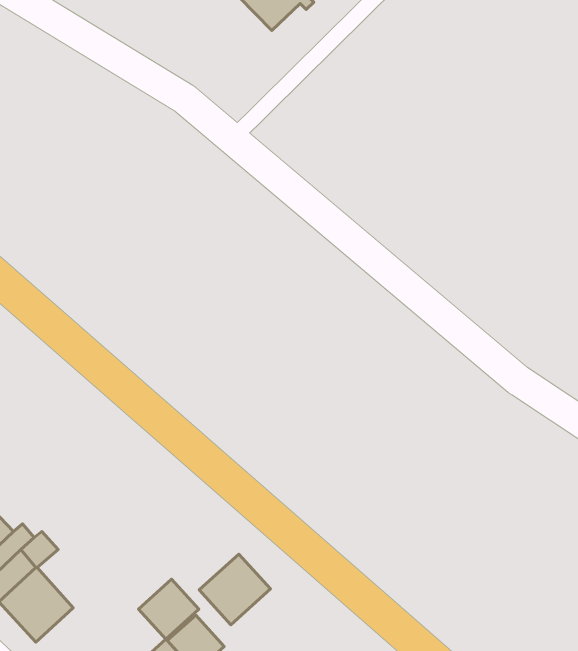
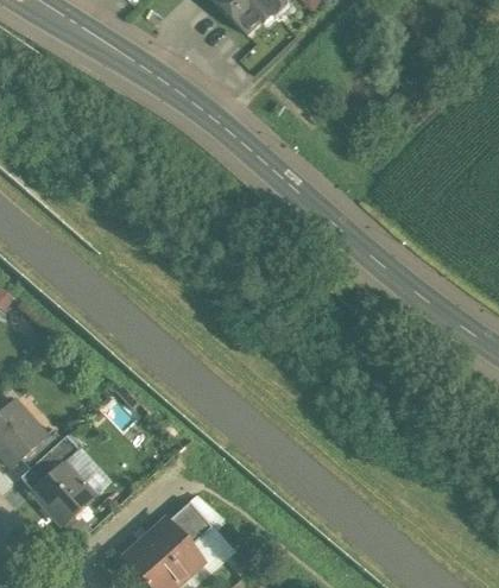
building: [199,554,271,625] -> none
building: [138,579,199,639] -> none

